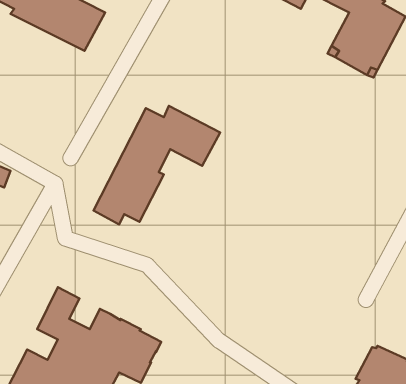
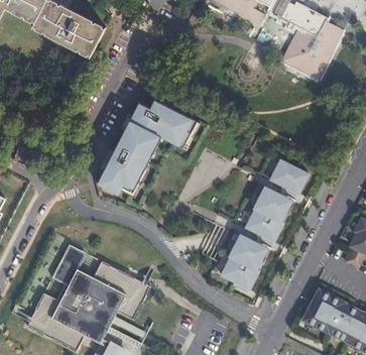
building: none -> [269,158,308,193]
building: none -> [244,188,293,241]
building: none -> [220,235,268,288]

